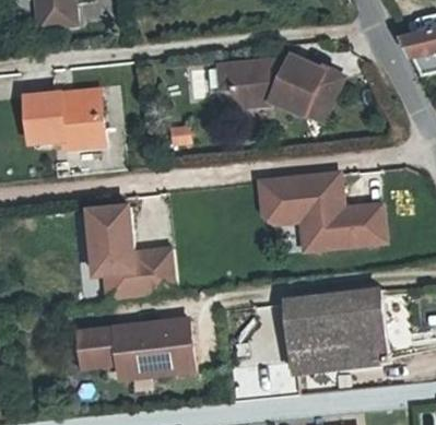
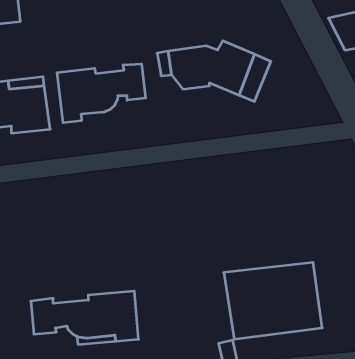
building: none -> [57,64,146,123]
building: [258,172,385,249] -> none
building: [90,209,177,303] -> none

